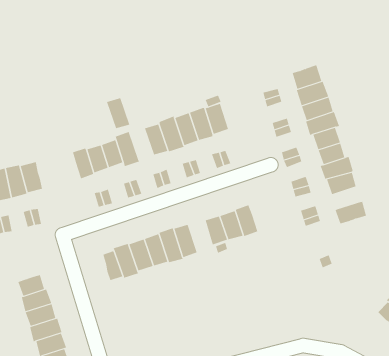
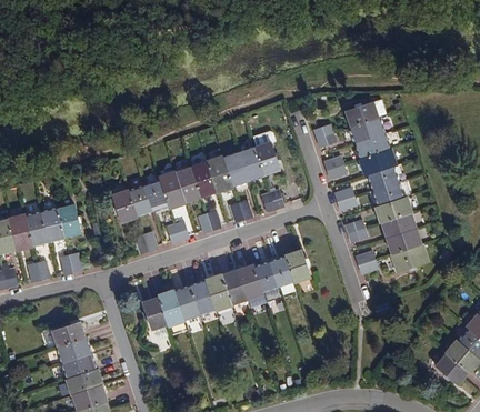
building: [106,98,130,129] -> [173,168,199,201]
building: none -> [388,230,420,254]
building: none -> [236,263,262,300]

